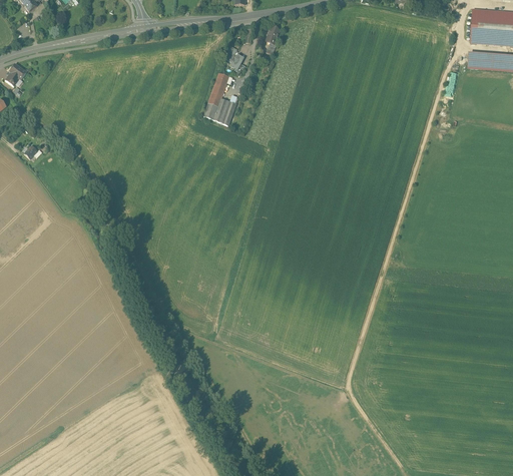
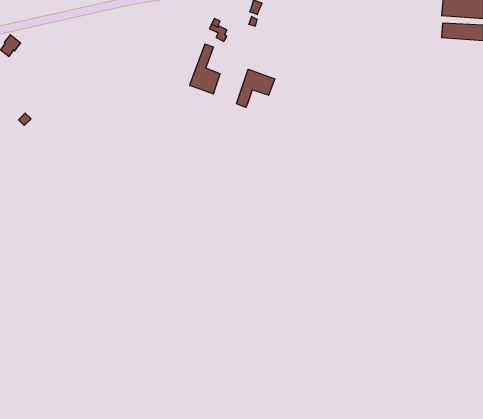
building: none -> [236,69,275,107]

